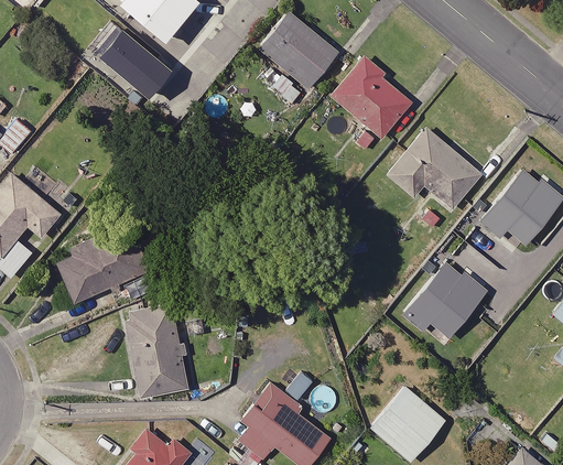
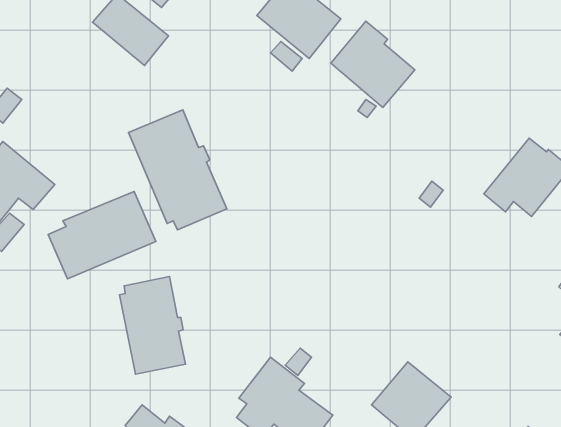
building: [385,127,480,209] -> none
building: none -> [129,110,227,230]
building: [399,261,487,339] -> none

